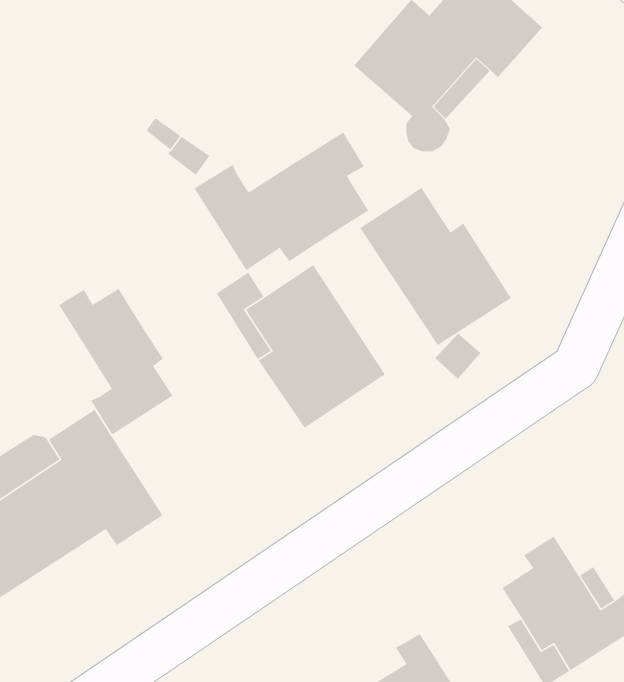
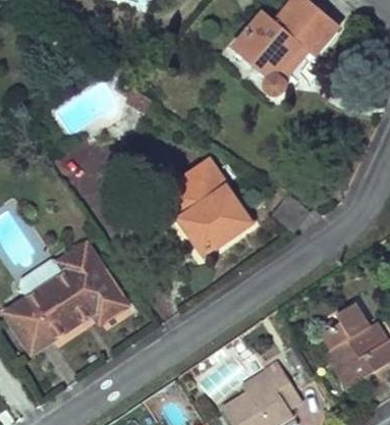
building: [193,132,369,271] -> none
building: [359,187,512,346] -> none
building: [58,288,174,435] -> none

